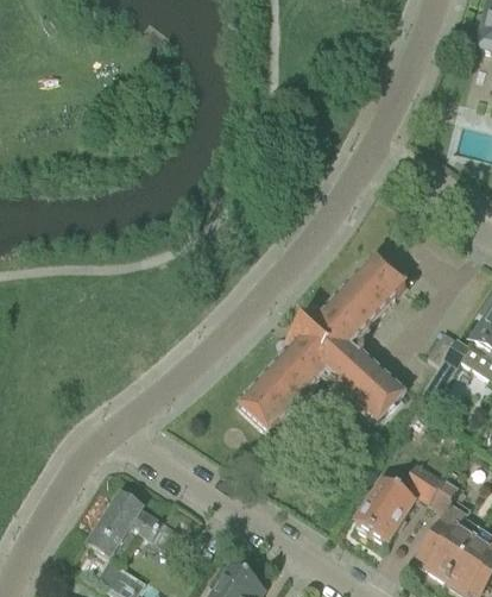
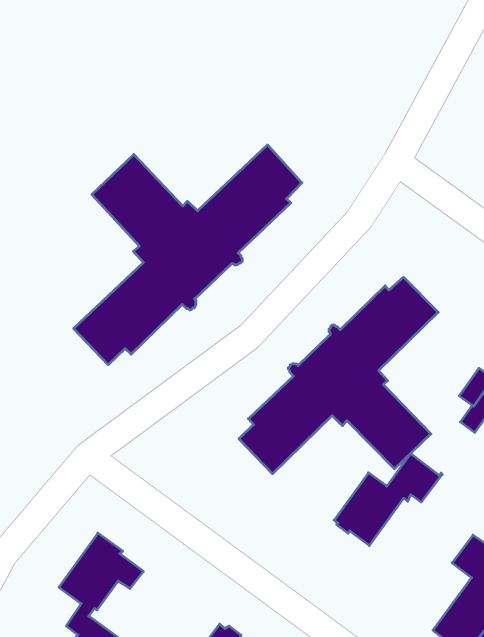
building: none -> [74,145,302,365]
building: [354,459,446,541] -> [334,453,442,546]

